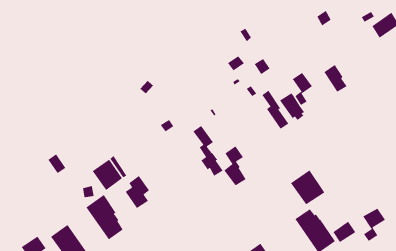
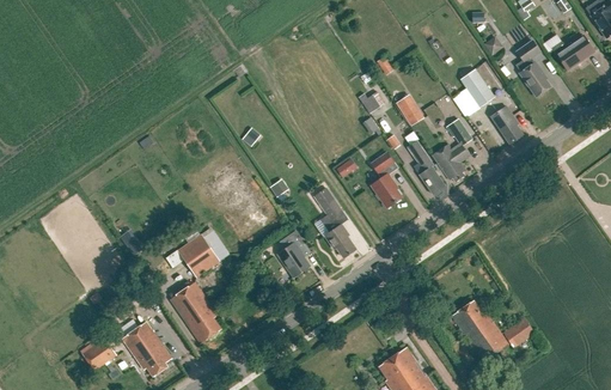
building: none -> [515,41,549,96]
building: none -> [460,68,494,105]
building: [224,146,247,186] -> [369,152,401,207]
building: [290,169,325,205] -> none
building: [125,175,150,209] -> [276,231,310,276]
building: [363,208,386,242] -> none

